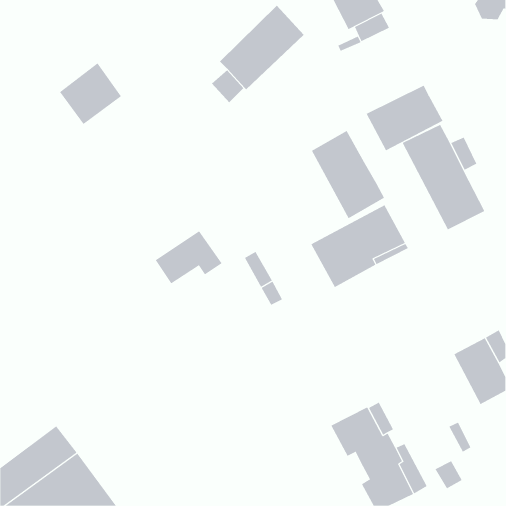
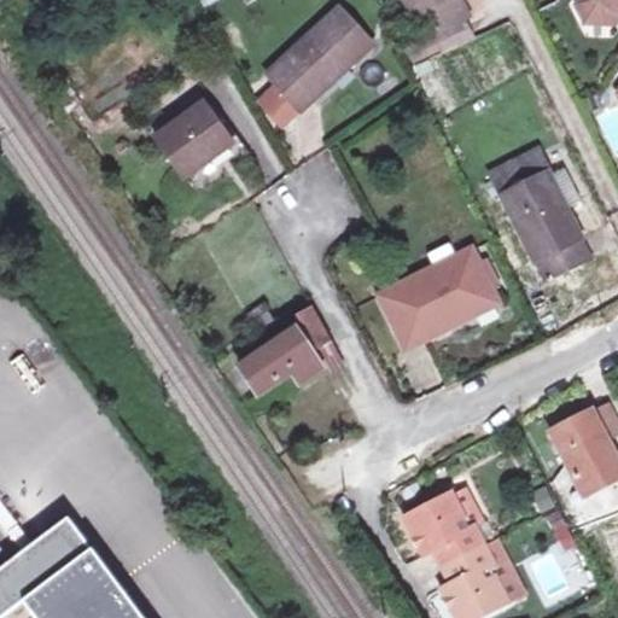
building: [59,62,122,125] -> [154,101,231,177]
building: [366,85,443,151] -> none
building: [311,130,385,219] -> none
building: [155,230,222,284] -> [239,328,321,393]

